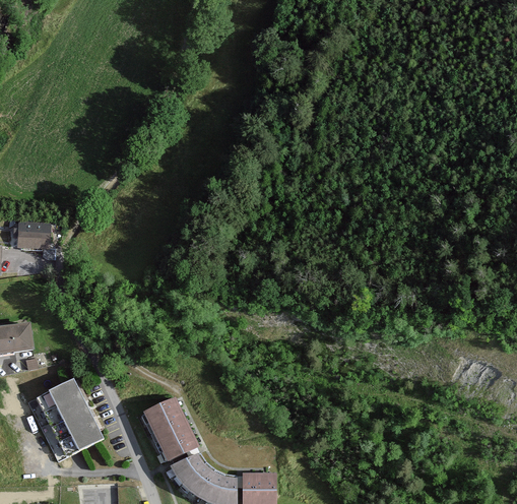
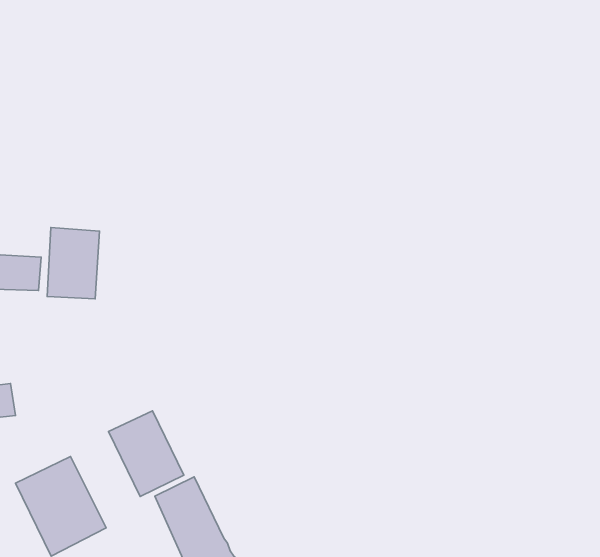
building: none -> [47,228,99,299]
building: none -> [108,411,184,497]

